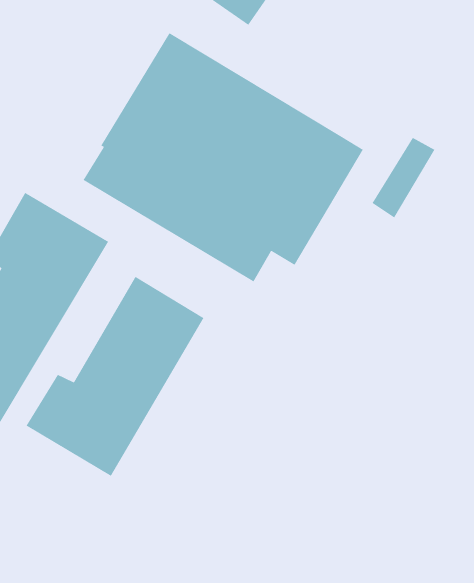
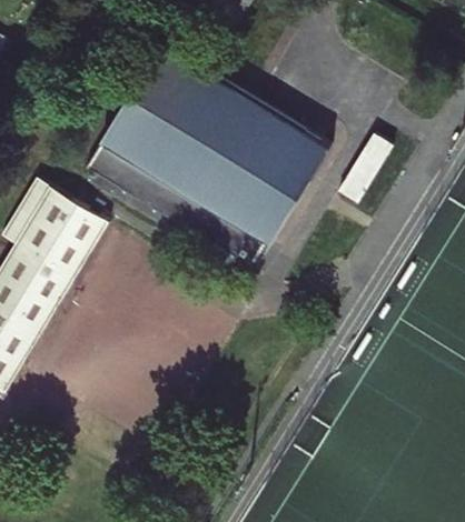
building: [26,276,204,477] -> none

